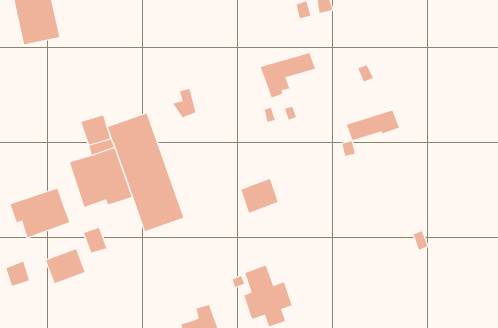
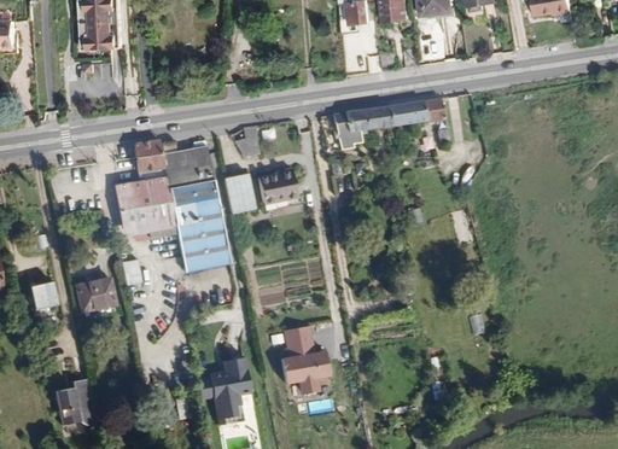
building: [346,110,400,141] -> [389,98,445,124]
building: none -> [223,179,252,216]
building: [240,178,279,213] -> [258,170,297,204]
building: [10,188,70,238] -> none

